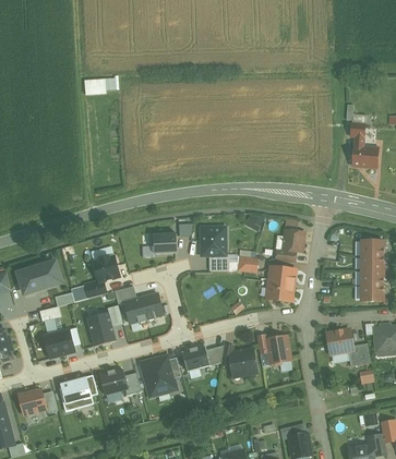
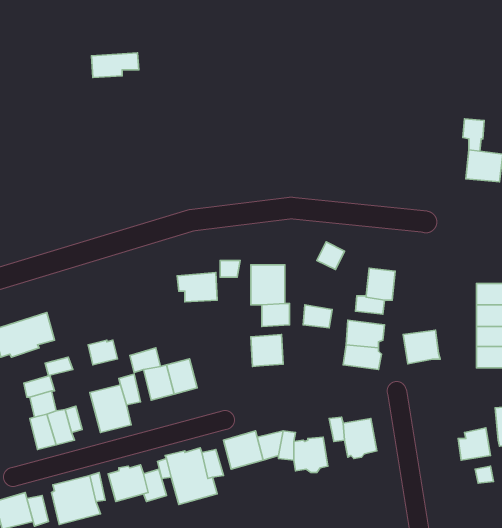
building: [92,255,118,281] -> none
building: none -> [251,334,283,367]
building: [326,329,352,353] -> [403,330,440,364]

